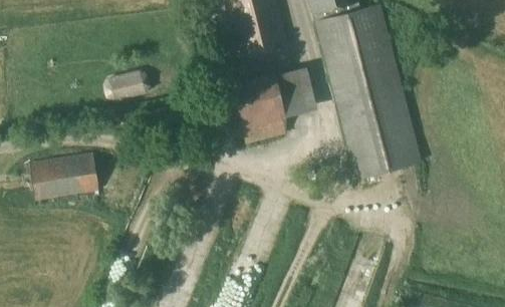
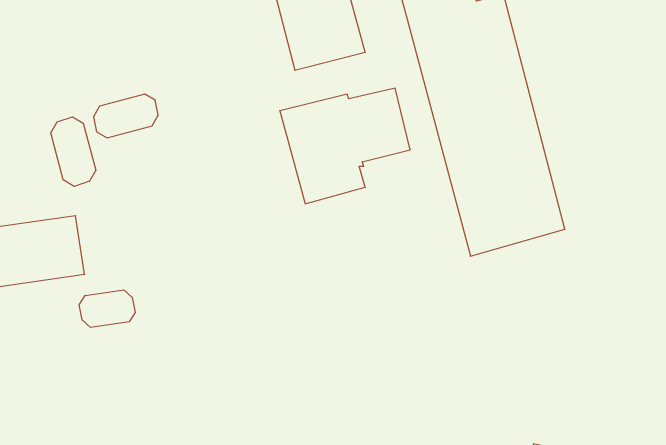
building: none -> [51,117,96,186]
building: none -> [79,290,135,327]

